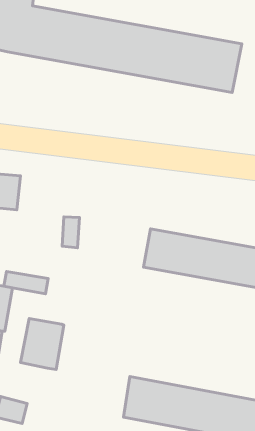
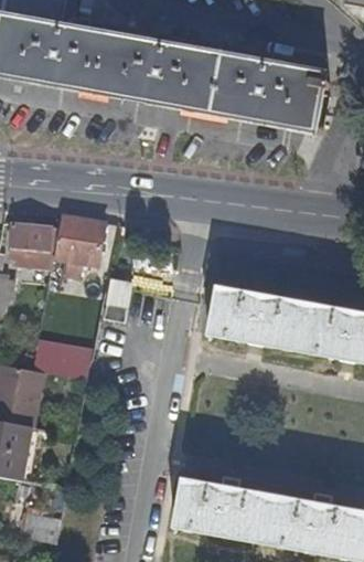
building: none -> [46,214,98,282]
building: [20,319,64,369] -> none

